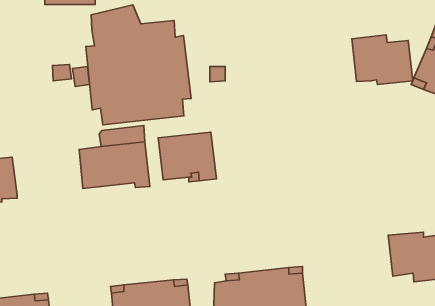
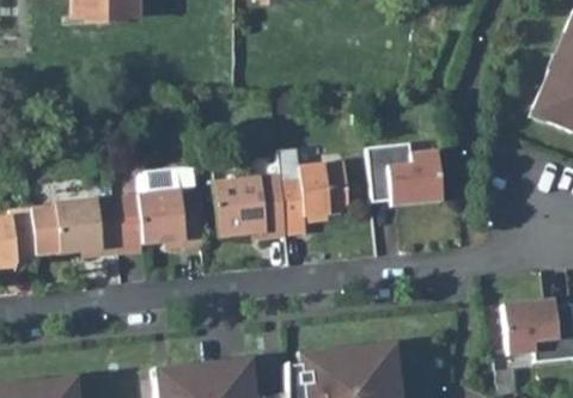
building: [86,5,191,125] -> none
building: [352,35,413,85] -> [367,142,444,204]
building: none -> [280,154,350,233]
building: none -> [32,196,122,253]

